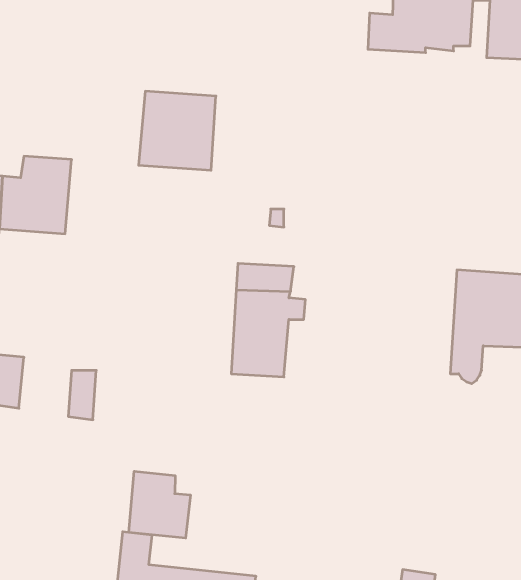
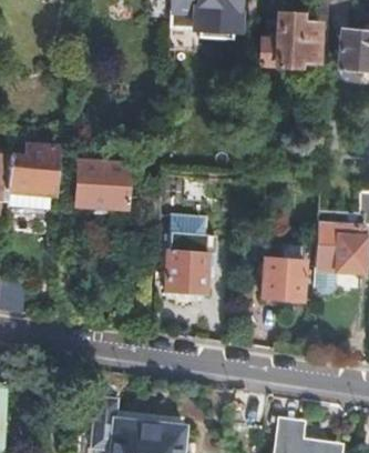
building: [139,91,216,170] -> [78,154,130,208]
building: none -> [262,238,305,305]
building: [129,471,190,538] -> none

